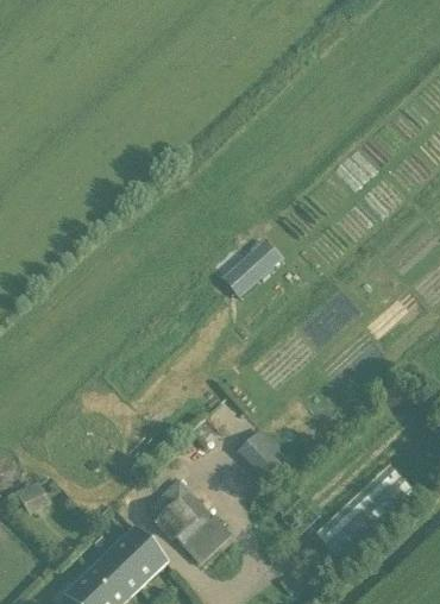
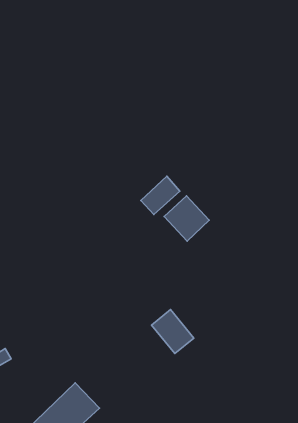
building: none -> [164,196,209,241]
building: [149,479,228,561] -> none

